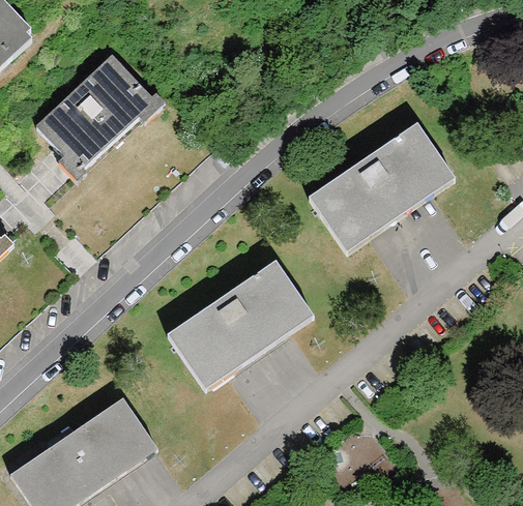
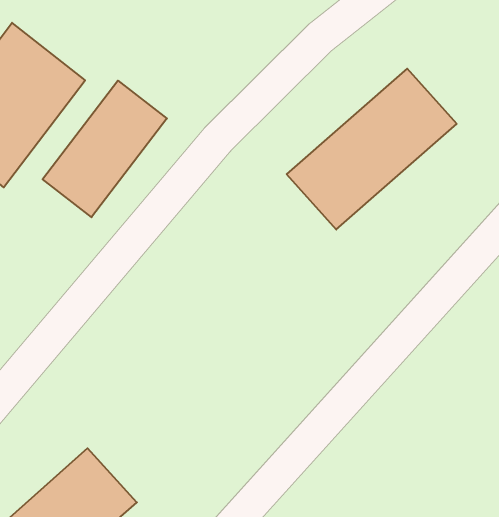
building: none -> [43,81,167,217]
building: [170,264,311,384] -> none

